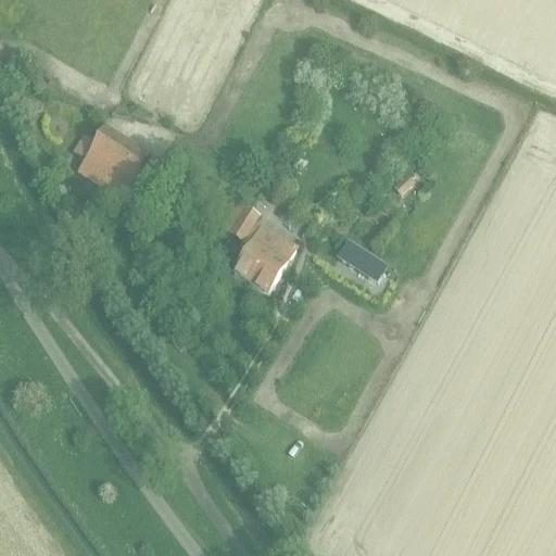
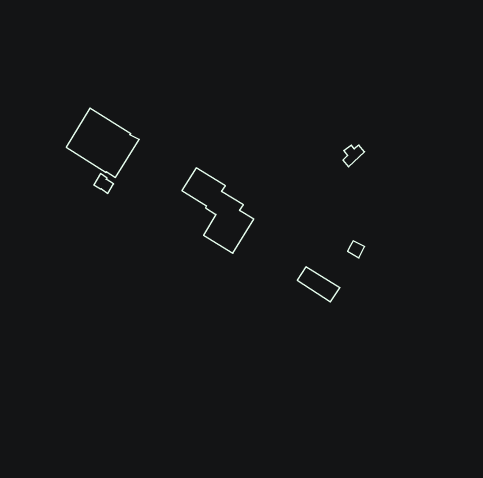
building: [337,240,386,280] -> [297,267,340,302]

